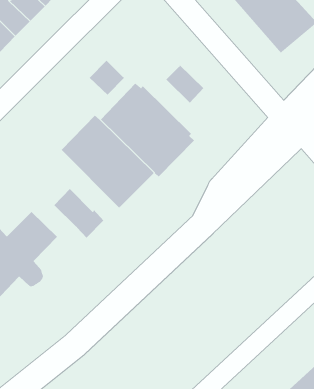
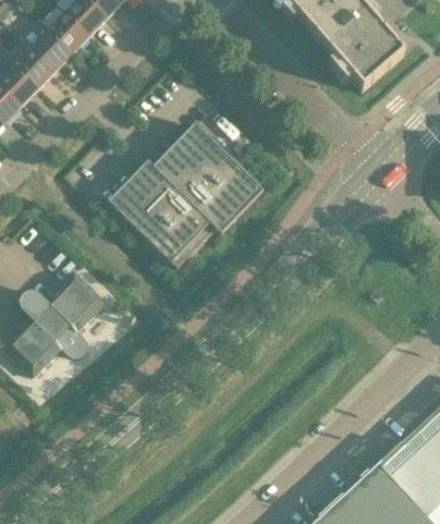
building: [89,60,125,96] -> none
building: [166,64,204,103] -> none
building: [53,188,104,238] -> none

